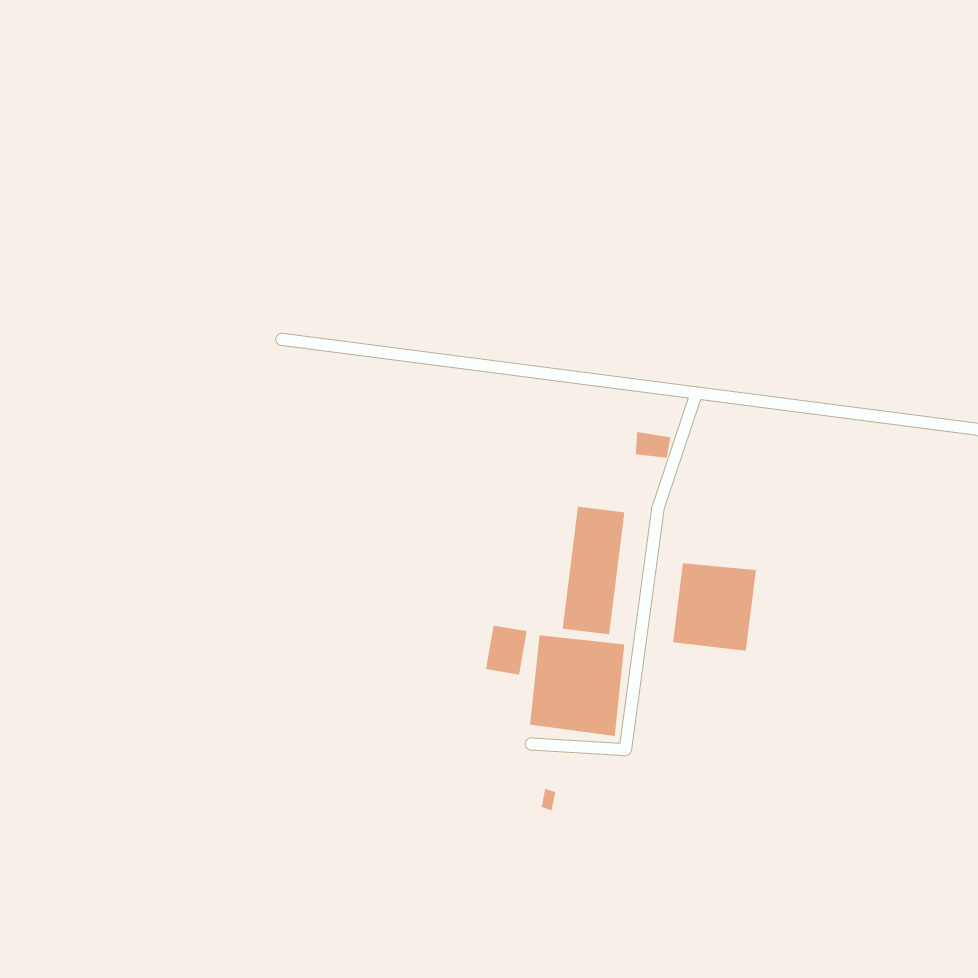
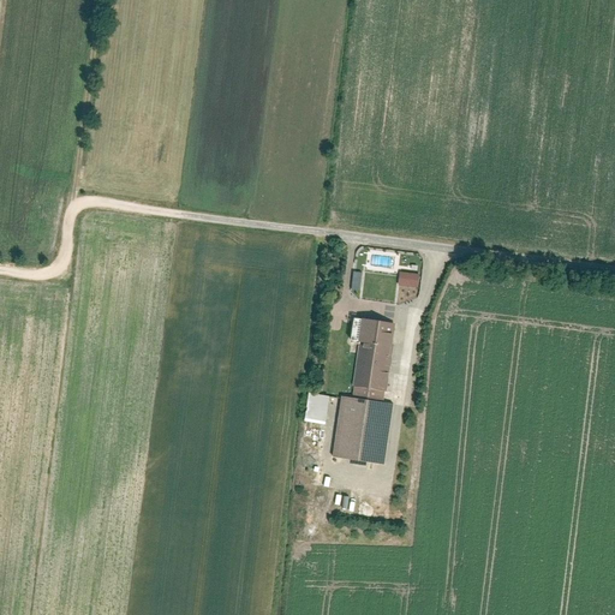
building: [673,562,757,652] -> none

